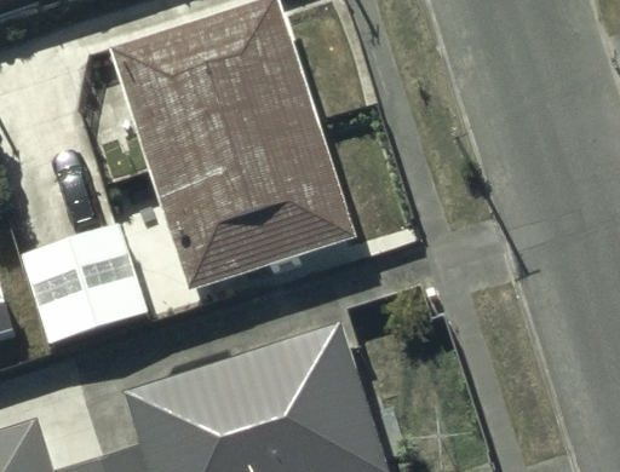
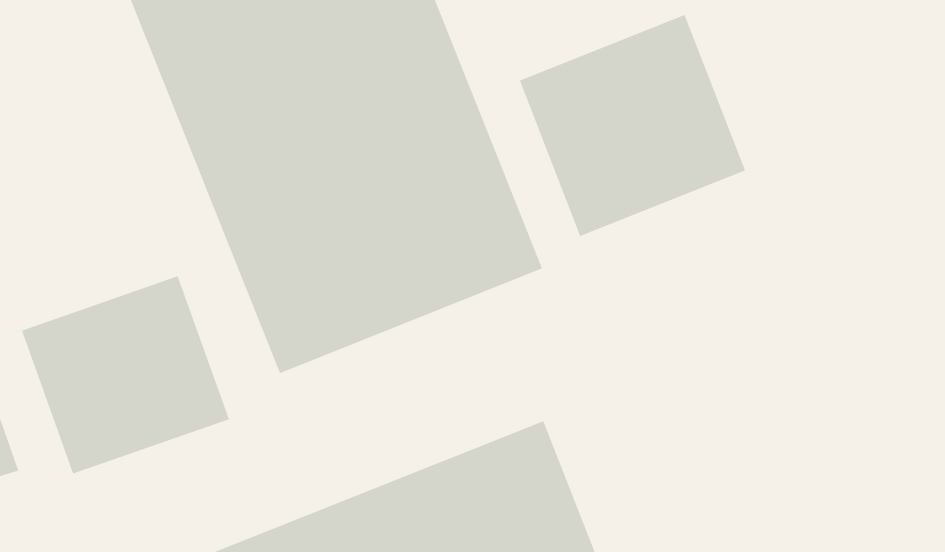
building: none -> [519,14,746,237]

